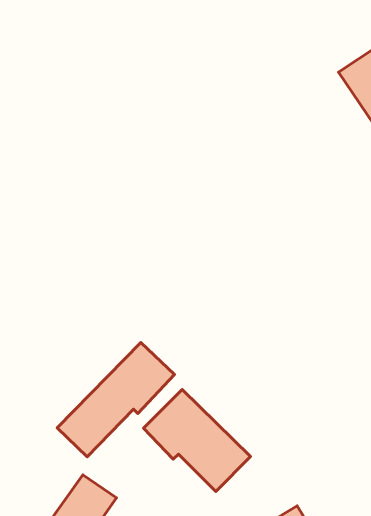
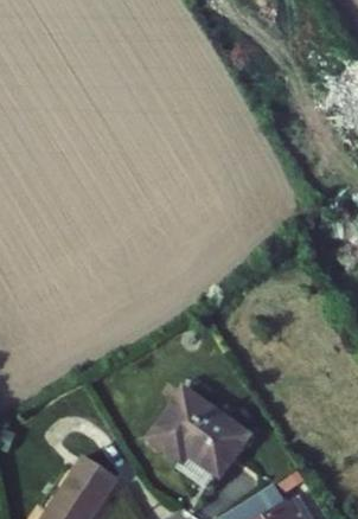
building: [57,342,175,457] -> none

